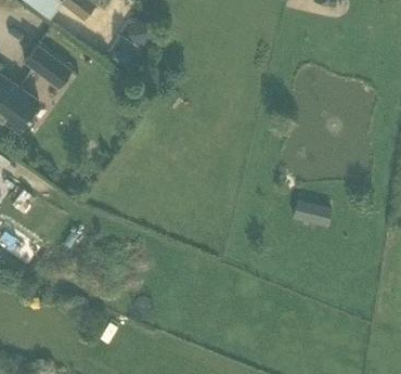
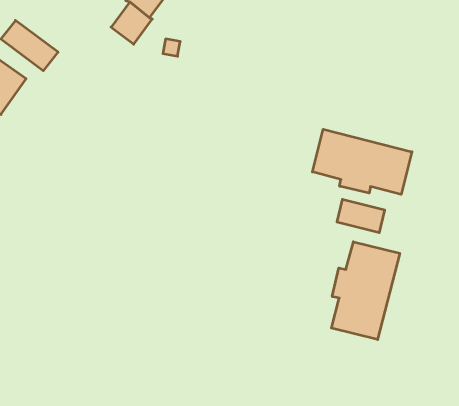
building: none -> [312,129,412,194]
building: none -> [331,242,400,340]

